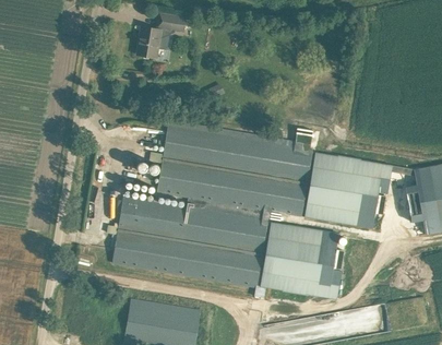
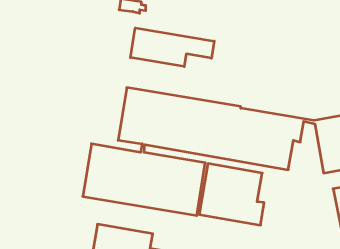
building: [138,26,169,58] -> none
building: none -> [130,28,214,67]

